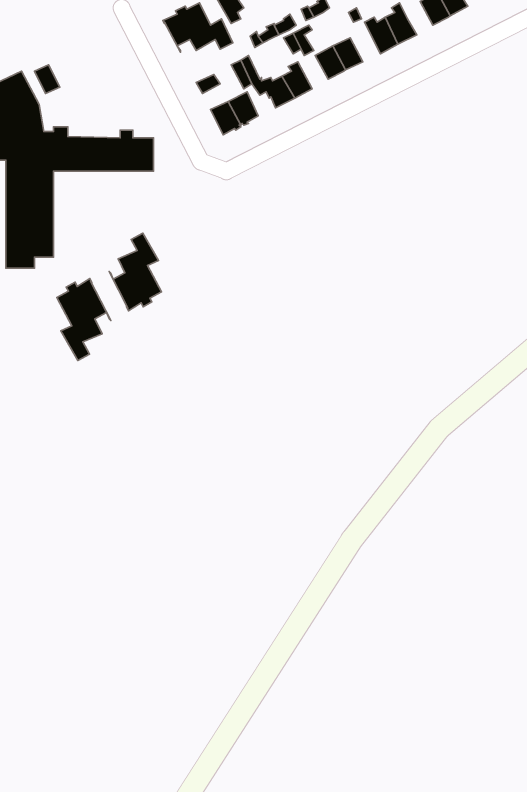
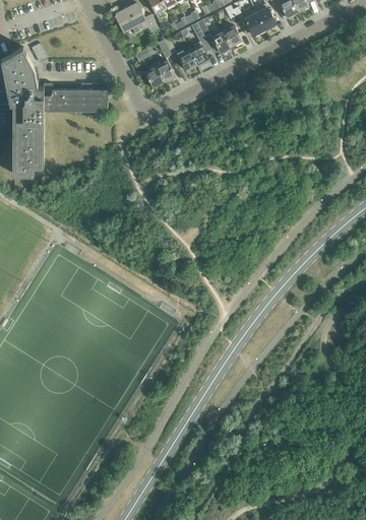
building: [109,233,162,311] -> none
building: [57,279,111,360] -> none

